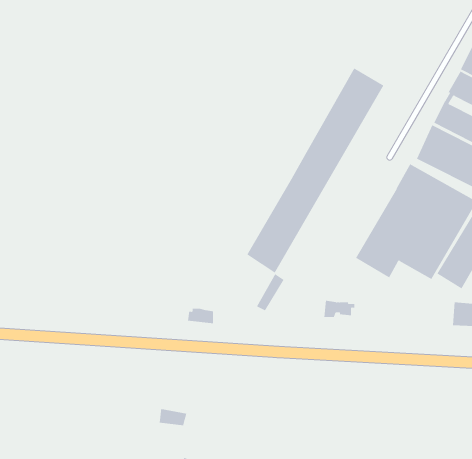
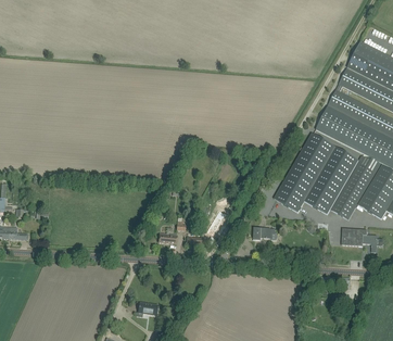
building: [246,68,384,274] -> none

